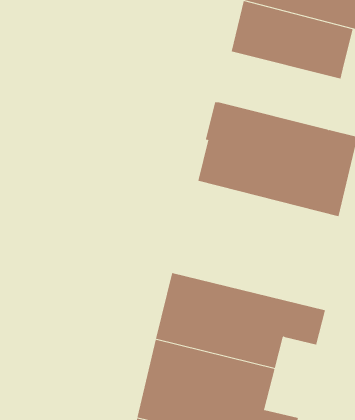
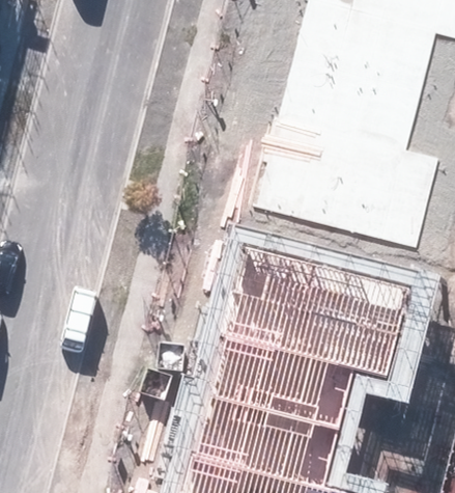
building: none -> [289,60,431,150]
building: none -> [235,249,430,359]

